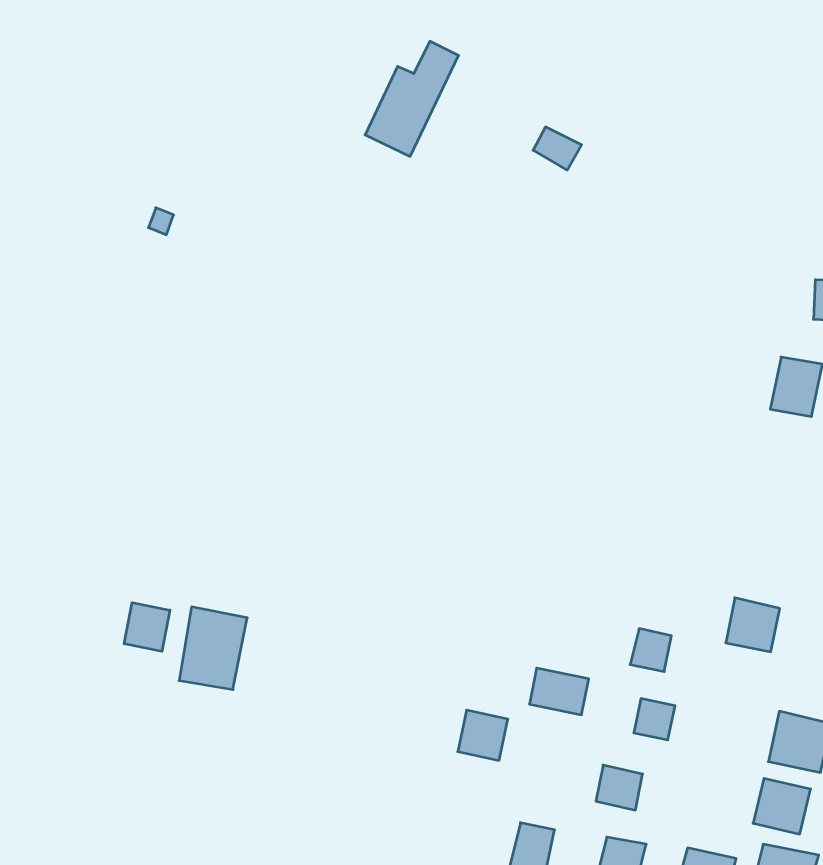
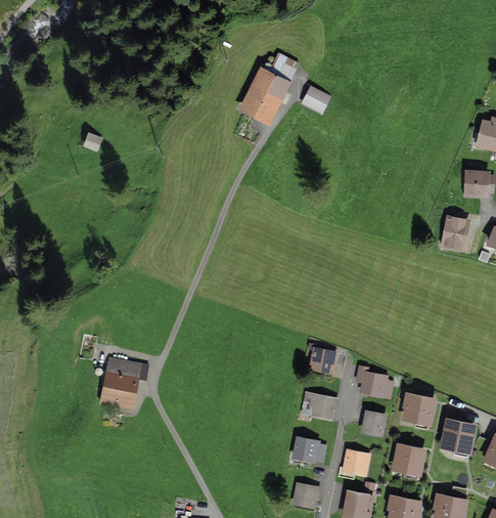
building: [365,41,459,156] -> [246,54,300,120]
building: none -> [309,348,337,374]
building: [726,598,780,652] -> [403,393,434,424]
building: [124,603,170,651] -> none
building: [458,710,508,760] -> [290,435,319,464]
building: [753,778,811,834] -> [392,443,424,475]

